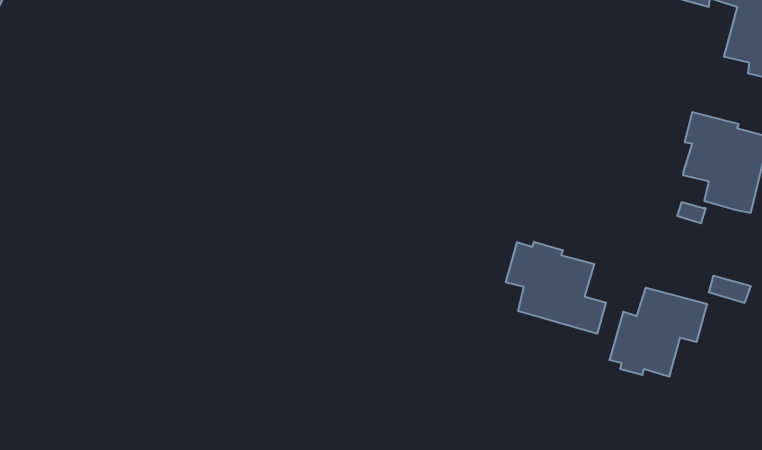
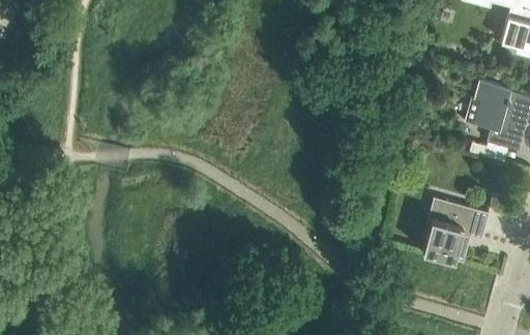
building: [506,242,606,334] -> none

